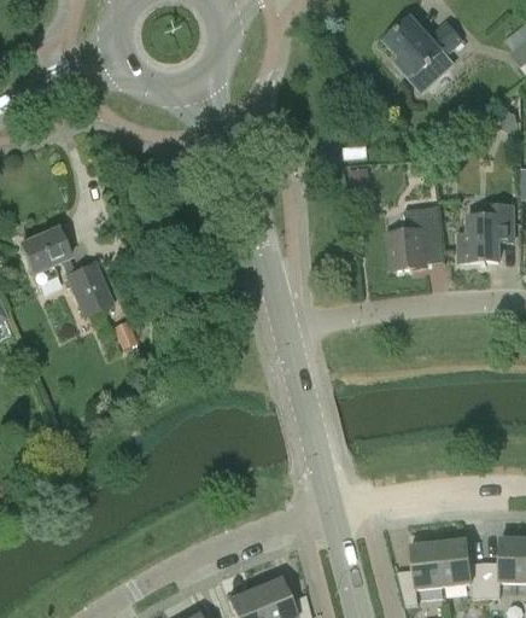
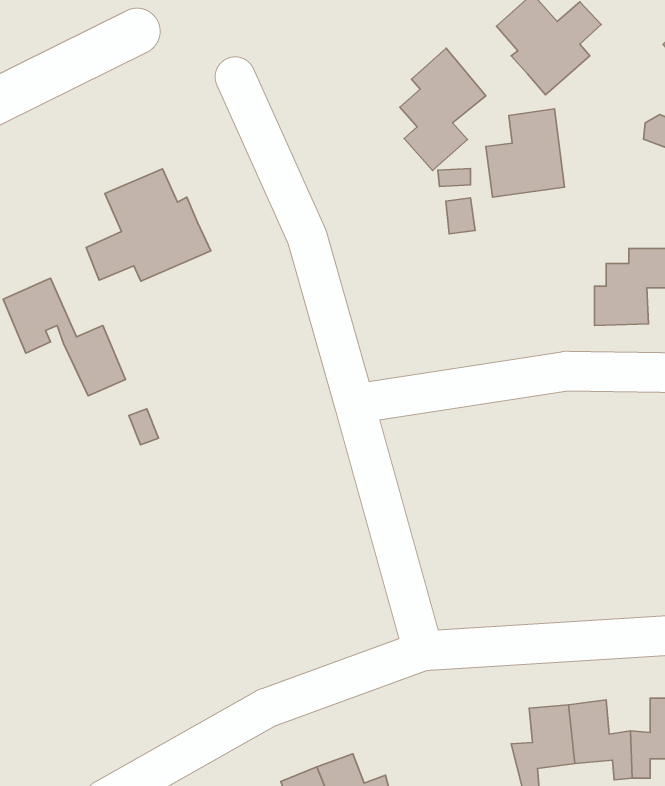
building: none -> [400,48,486,170]
building: none -> [86,169,211,281]
building: [386,205,444,270] -> [486,109,564,197]

